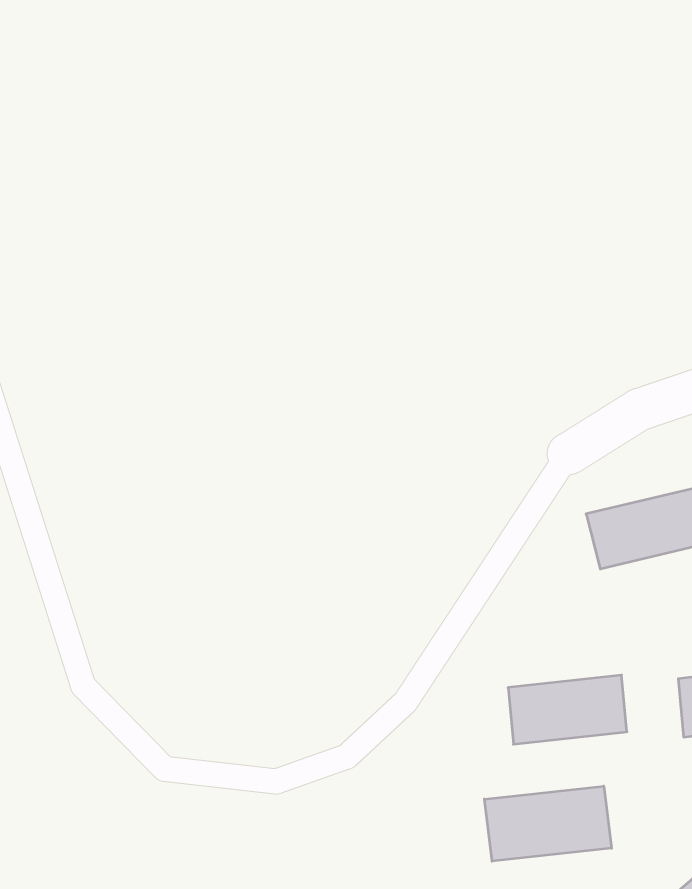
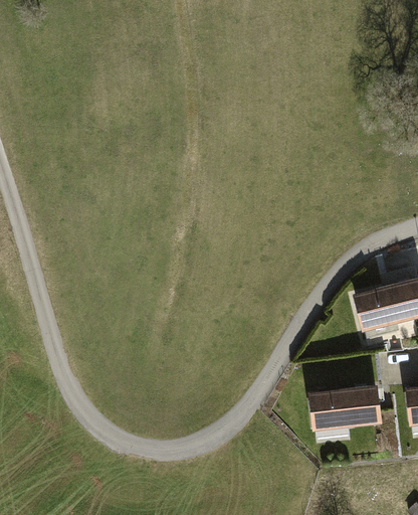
building: [484,786,612,861] -> none

